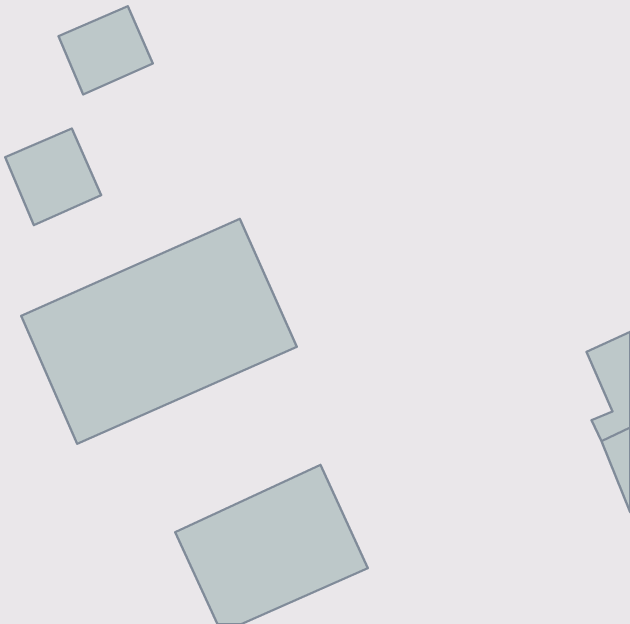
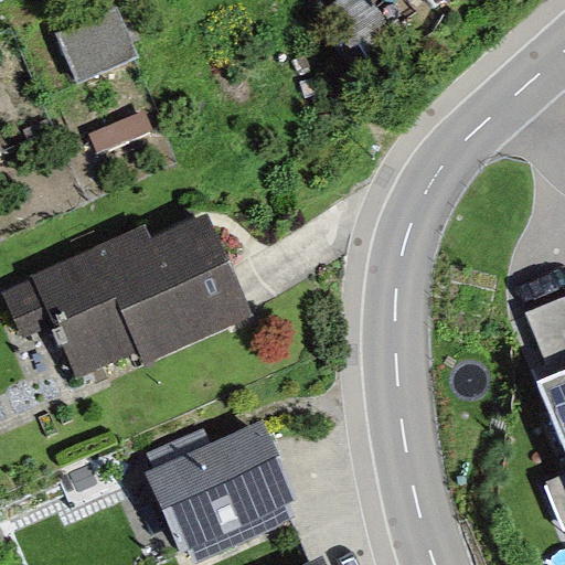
building: [5,128,101,225] -> none

